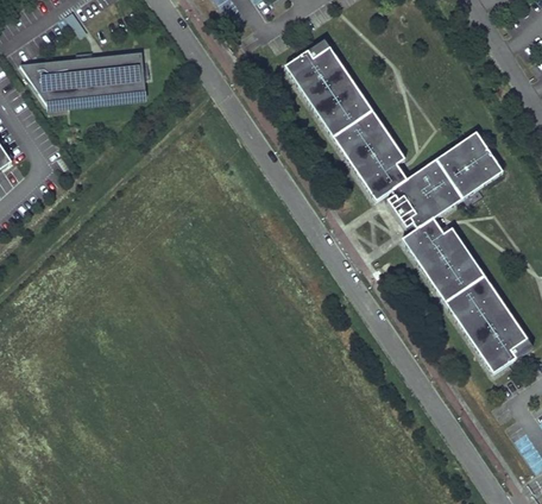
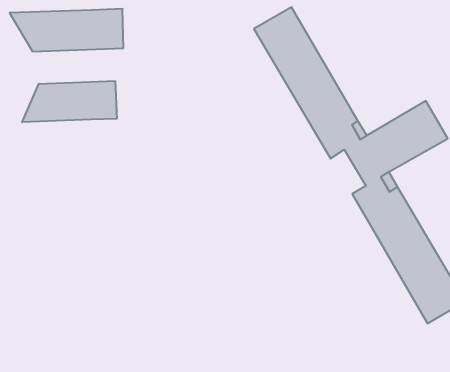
building: none -> [22,81,117,122]

